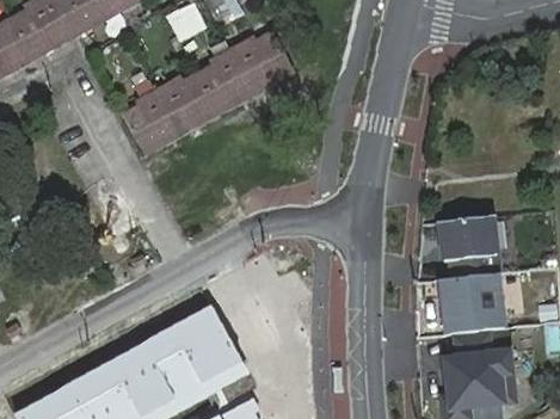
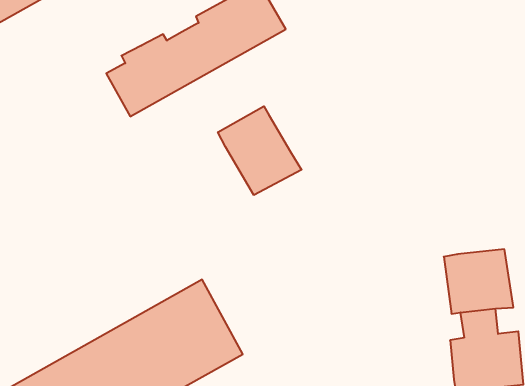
building: none -> [218,106,302,195]
building: [439,218,498,281] -> none

